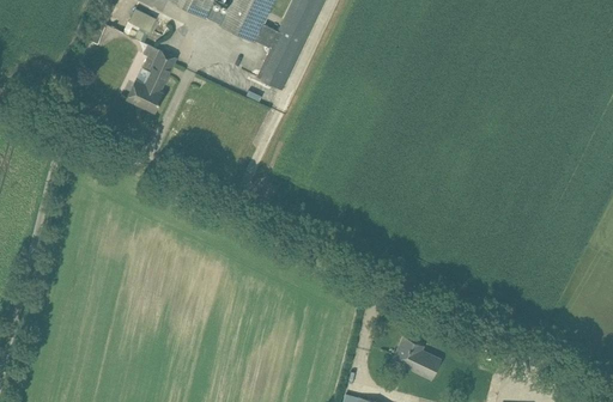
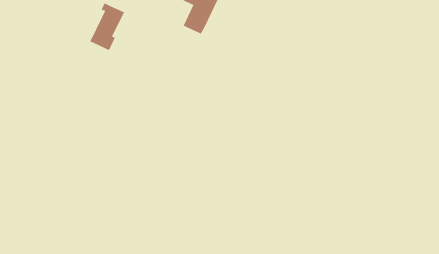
building: [394,336,441,378] -> none

